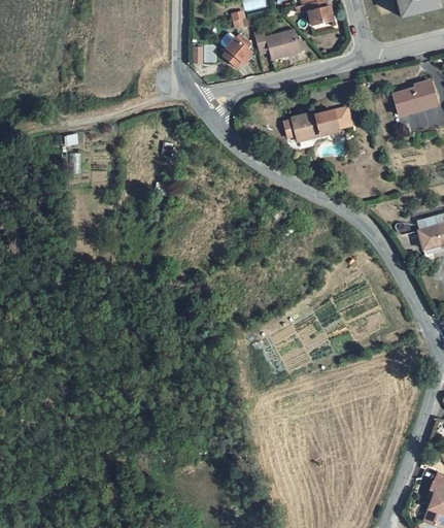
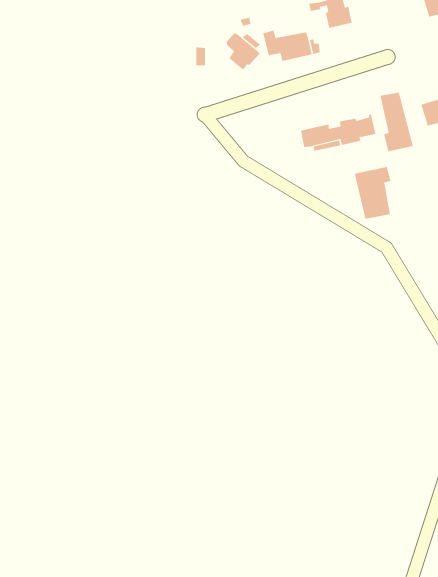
building: none -> [380,92,413,152]
building: none -> [354,166,391,220]

